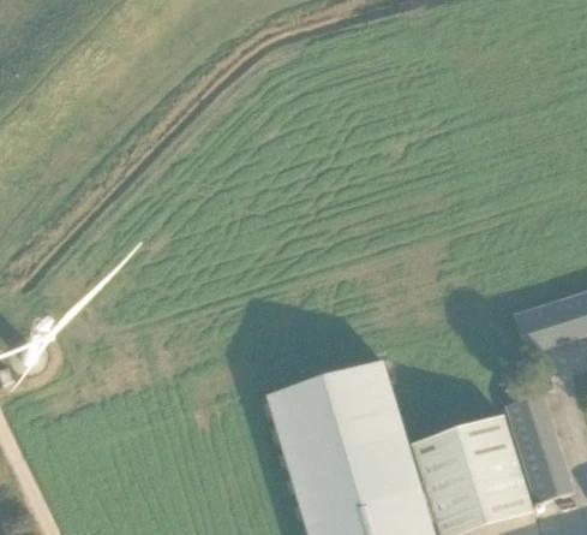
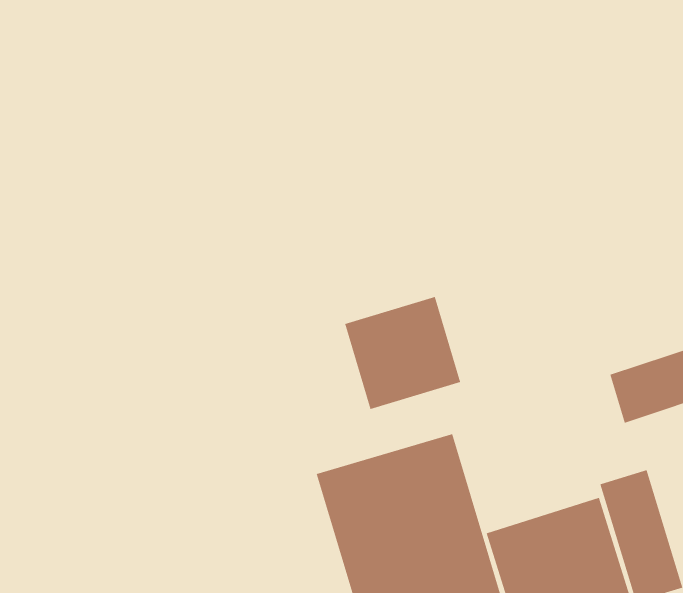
building: none -> [345,296,461,410]

